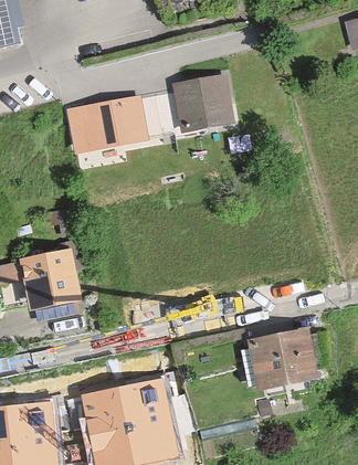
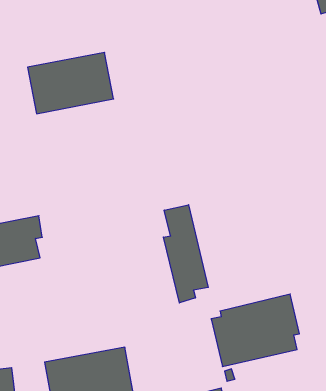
building: [173,76,235,135] -> none
building: none -> [163,205,208,303]

